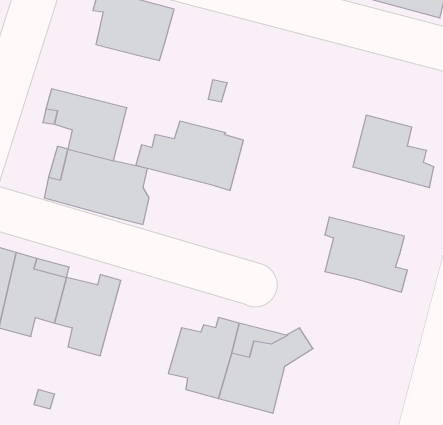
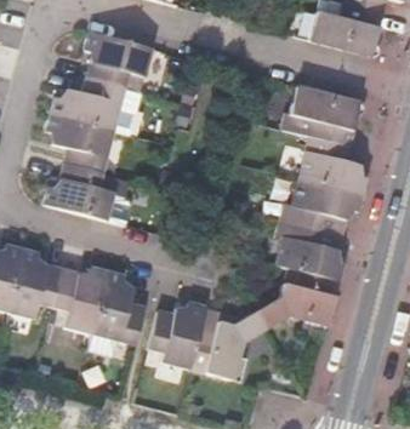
building: none -> [284,85,359,144]
building: [136,121,243,190] -> [52,76,141,133]
building: none -> [280,177,363,234]
building: none -> [256,269,340,326]
building: none -> [89,270,146,354]

